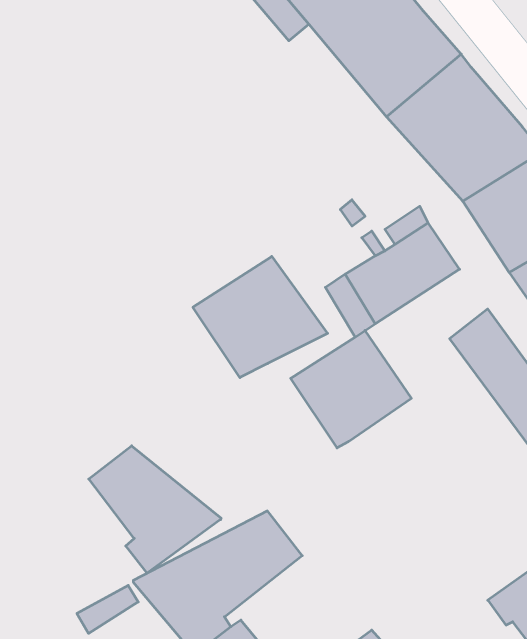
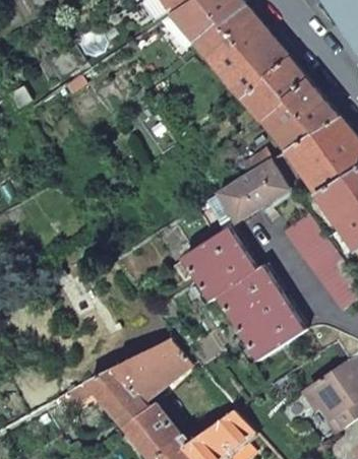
building: [193,256,328,378] -> none
building: none -> [219,264,305,357]
building: [89,446,221,573] -> none

